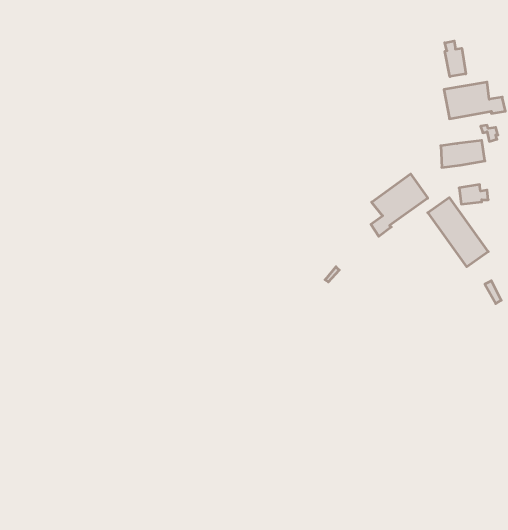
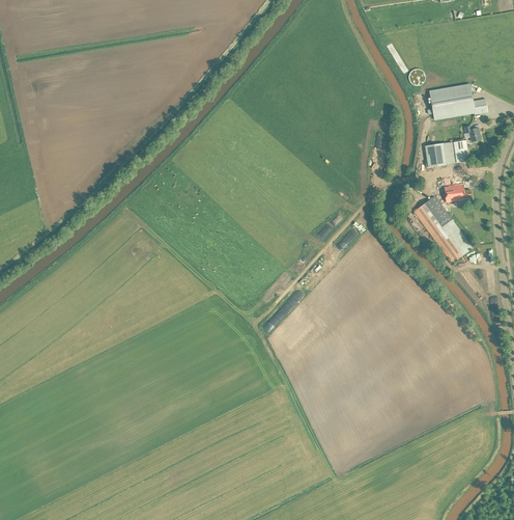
building: [445,41,466,77] -> none
building: [371,174,428,236] -> none

